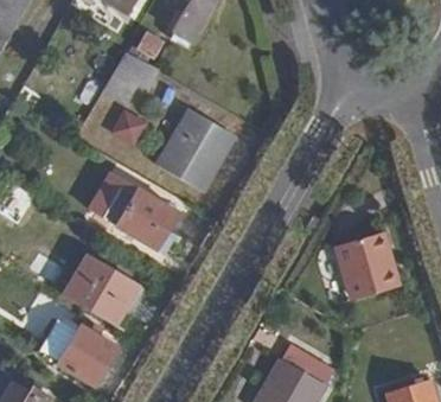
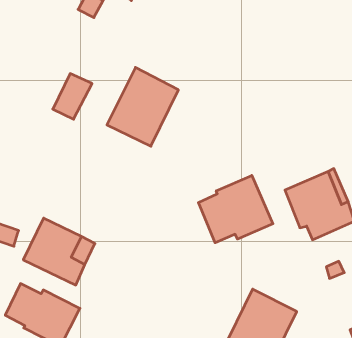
building: [102,51,159,106] -> none
building: [90,173,180,250] -> none
building: none -> [198,175,273,243]

